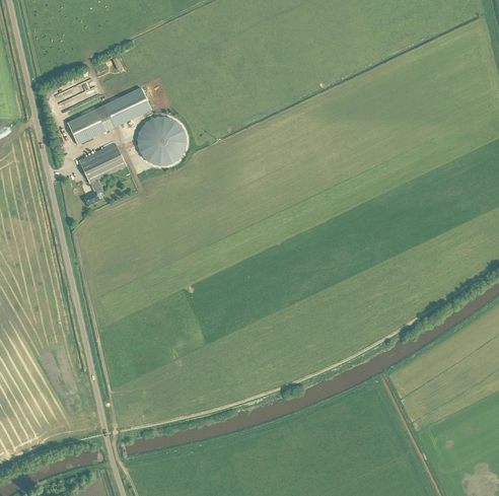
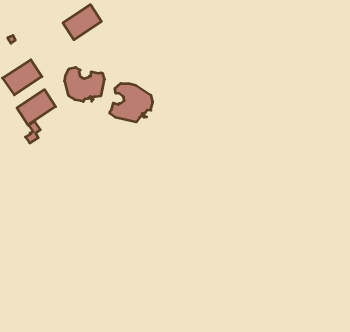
building: [103,87,150,127] -> [63,5,101,40]
building: none -> [110,83,153,122]

